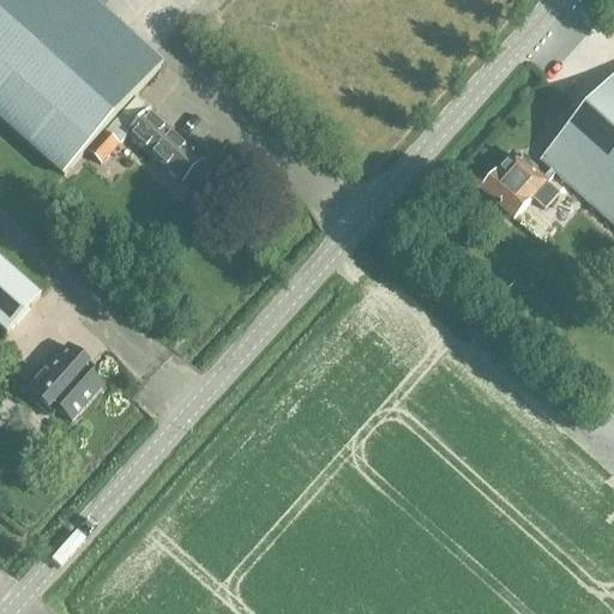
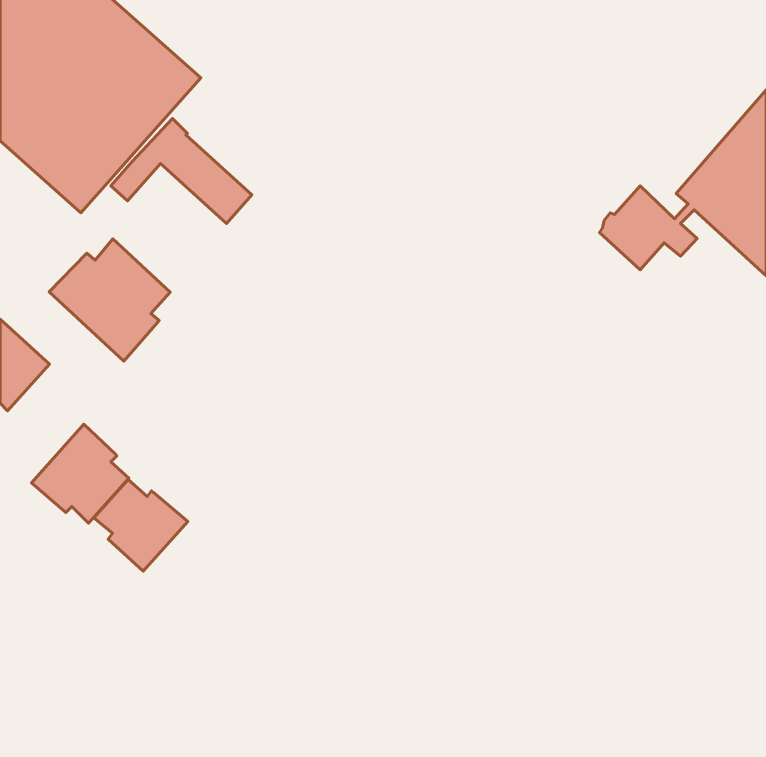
building: none -> [49,239,170,361]
building: none -> [94,480,188,571]

